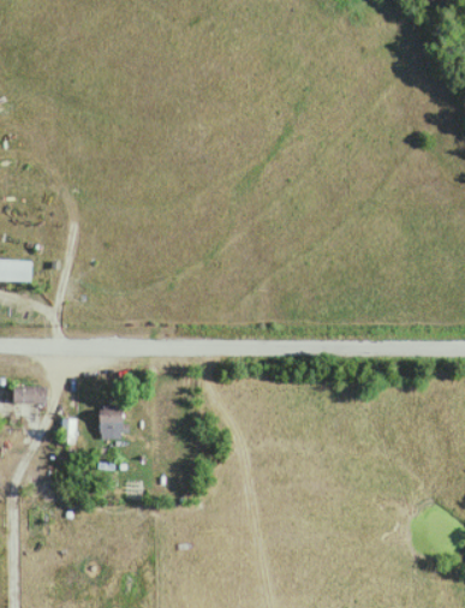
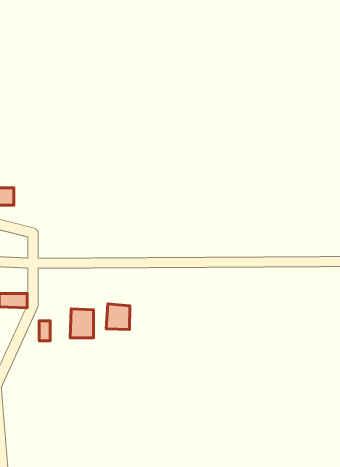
building: none -> [106,304,130,330]

